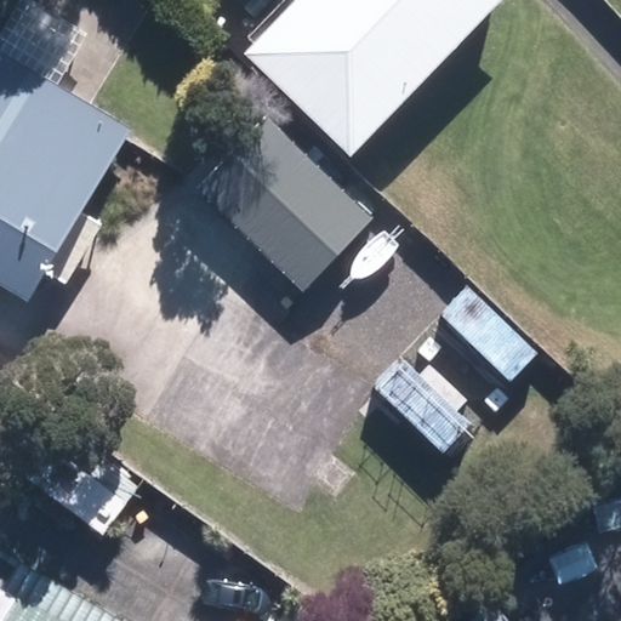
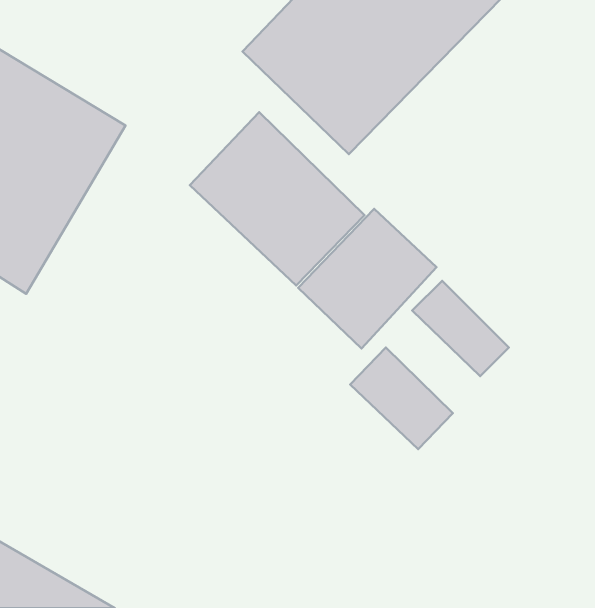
building: none -> [298,209,436,348]

